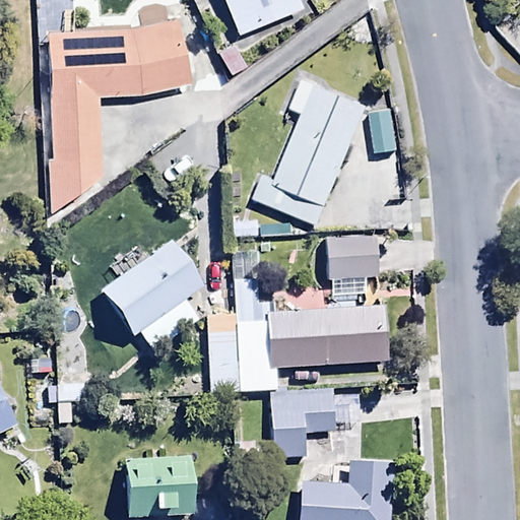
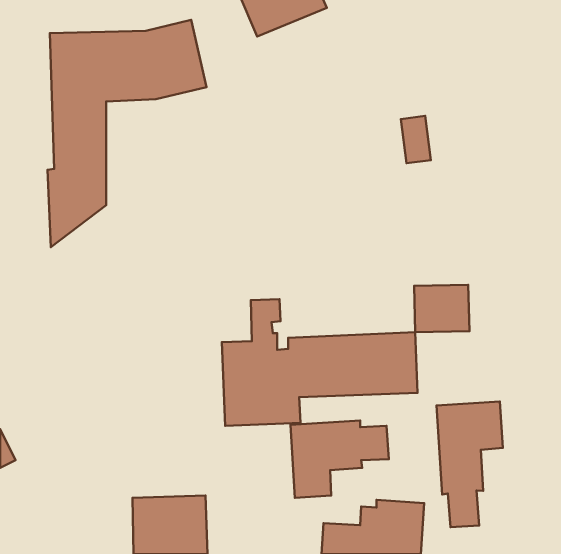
building: [256,76,370,222] -> none
building: [327,235,378,278] -> [414,285,469,332]
building: [102,241,203,351] -> none
building: none -> [436,401,503,527]

